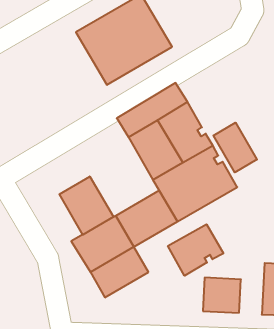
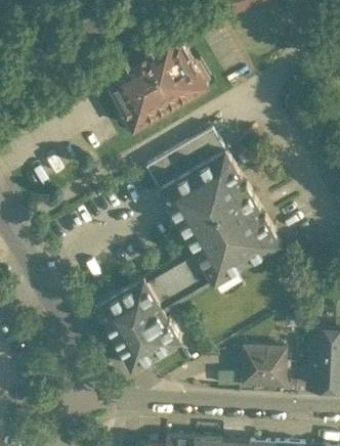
building: [213,123,257,172] -> none
building: [59,176,113,235] -> none
building: [168,224,223,276] -> none

